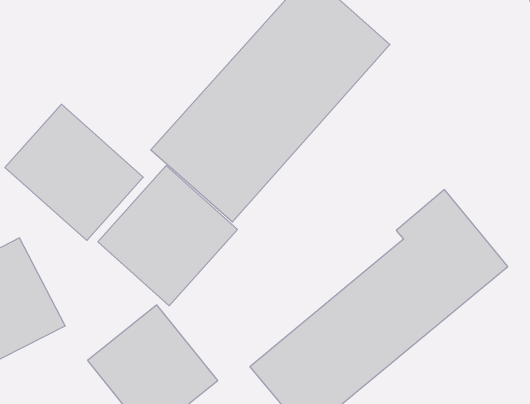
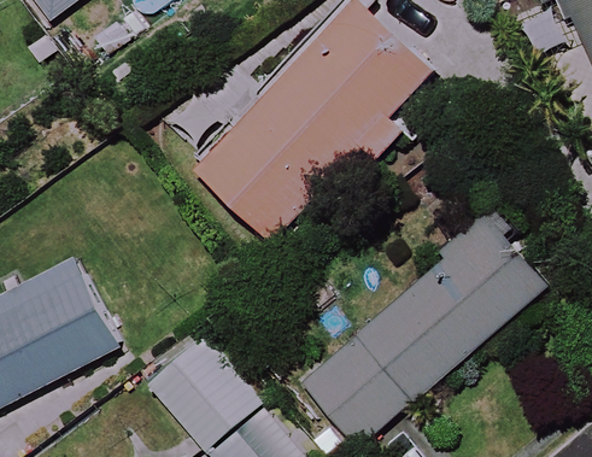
building: [5,104,143,240] -> none
building: [98,166,237,306] -> none

